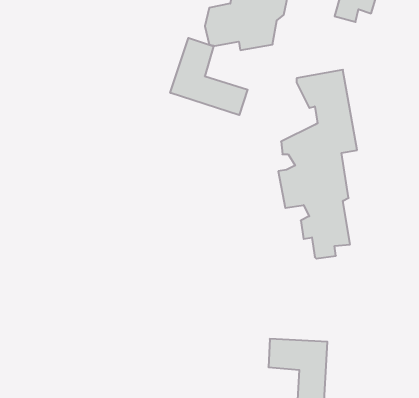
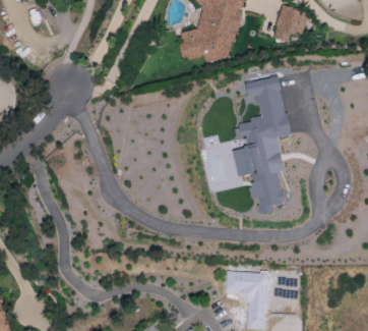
building: [170,38,248,115] -> none

